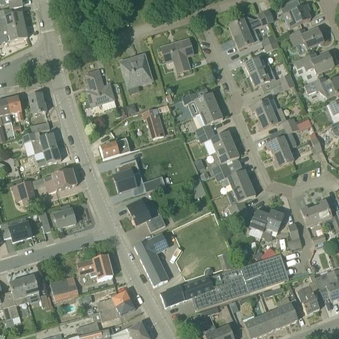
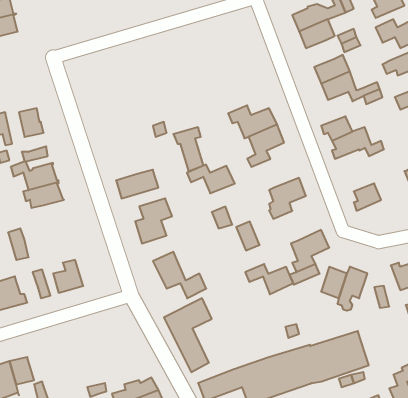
building: [161,37,192,71] -> none
building: [120,53,153,87] -> none
building: [86,69,115,105] -> none
building: [266,122,298,153] -> none
building: [199,129,234,150] -> [187,165,235,193]
building: [44,167,77,192] -> none
building: [215,167,250,189] -> [245,264,293,294]
building: [77,254,113,279] -> none
building: [51,277,79,298] -> none

